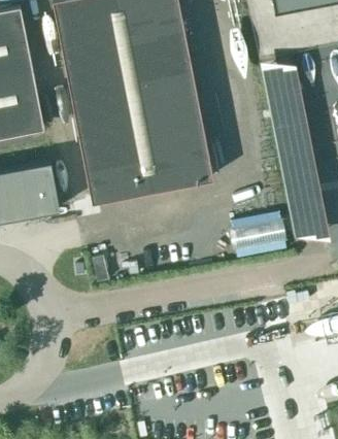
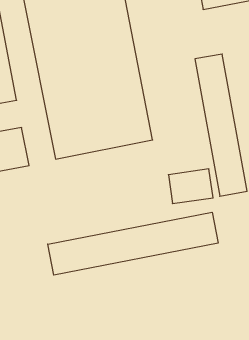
building: none -> [48,212,218,275]

